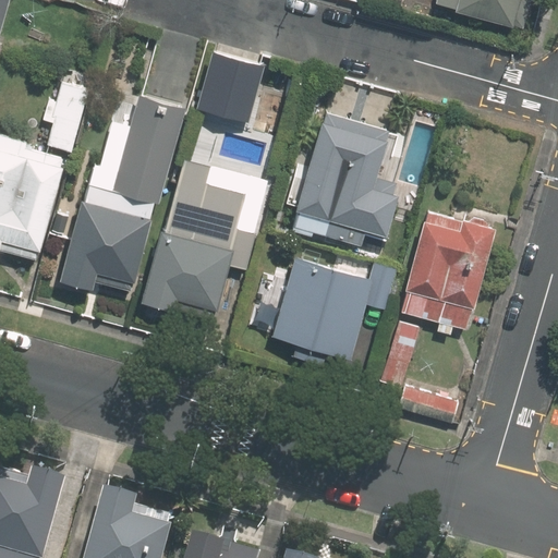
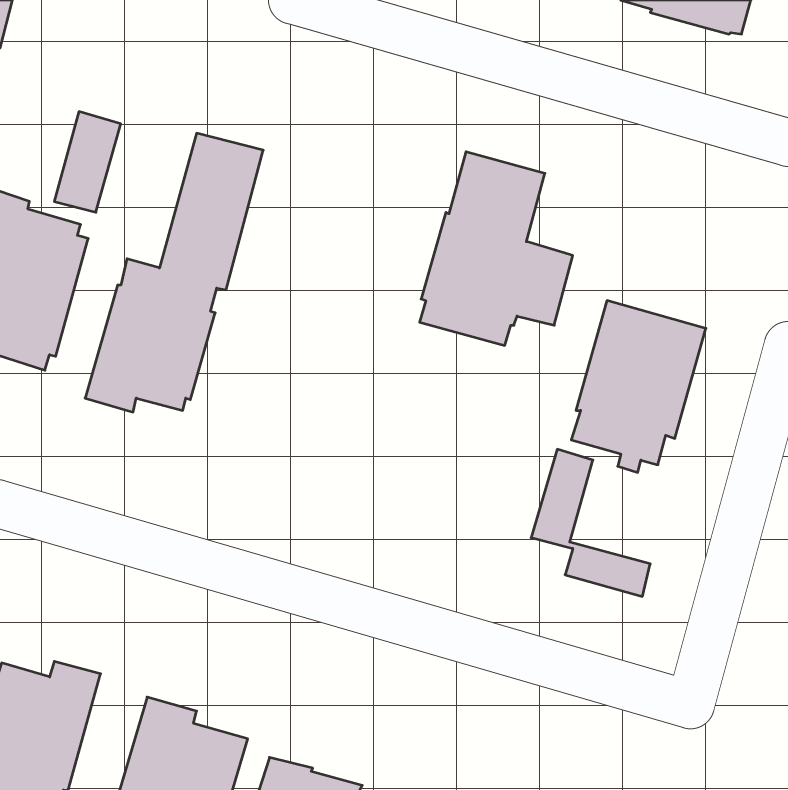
building: [203,53,265,119] -> none
building: [140,151,244,316] -> none
building: [271,257,391,366] -> none

